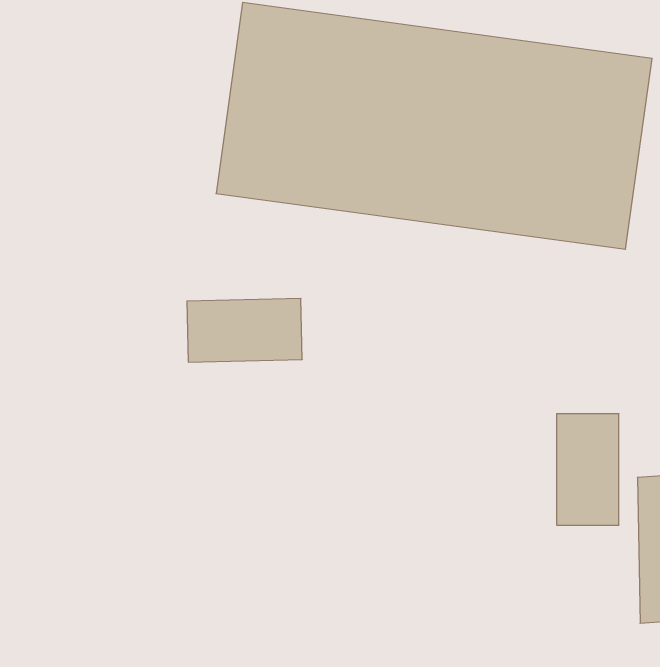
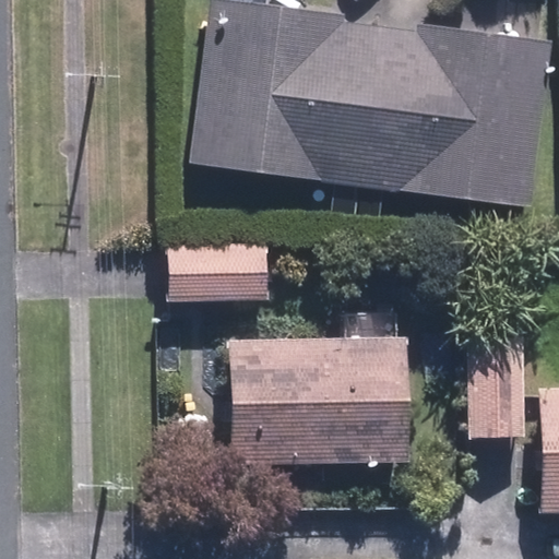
building: none -> [230,338,407,462]

